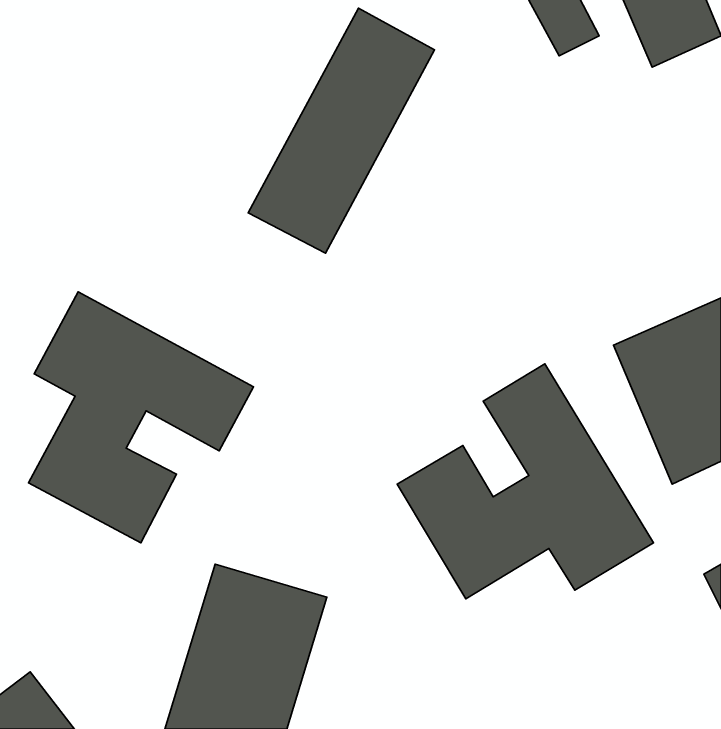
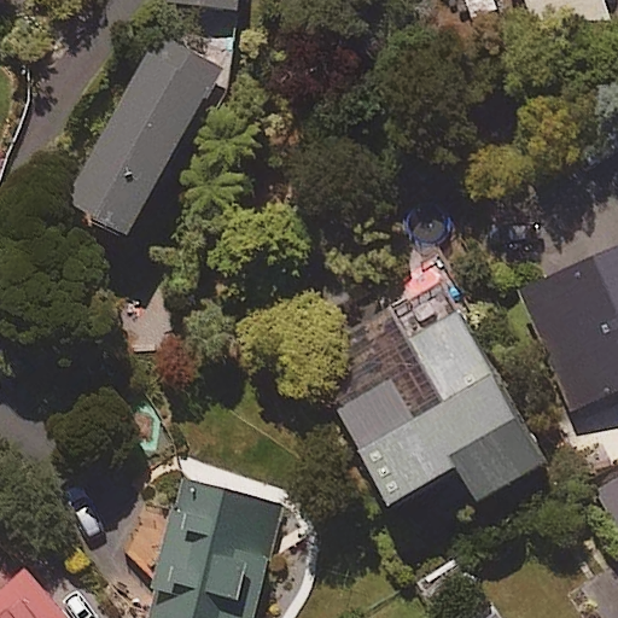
building: [248,8,434,253] -> [66,28,223,234]
building: [28,292,254,543] -> none

